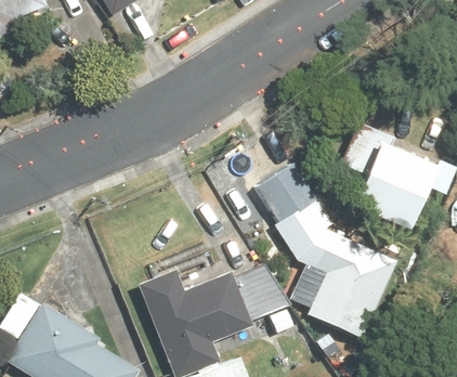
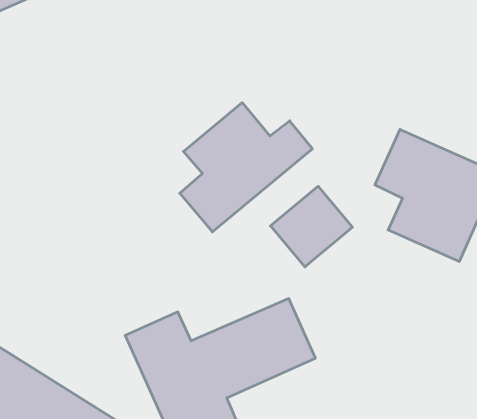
building: none -> [180,103,312,232]
building: [298,222,400,340] -> none

